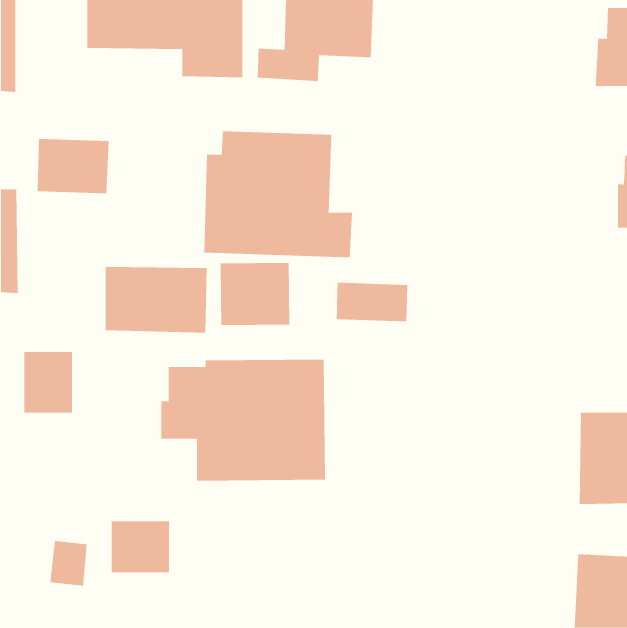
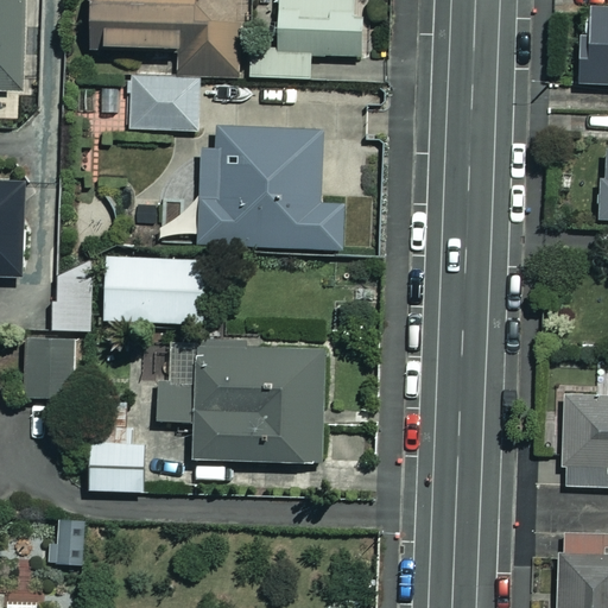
building: [37,138,110,194] -> [131,76,201,129]
building: [220,262,290,326] -> none
building: none -> [57,267,93,329]
building: [336,282,408,322] -> none
building: [111,521,170,573] -> [89,441,146,490]

